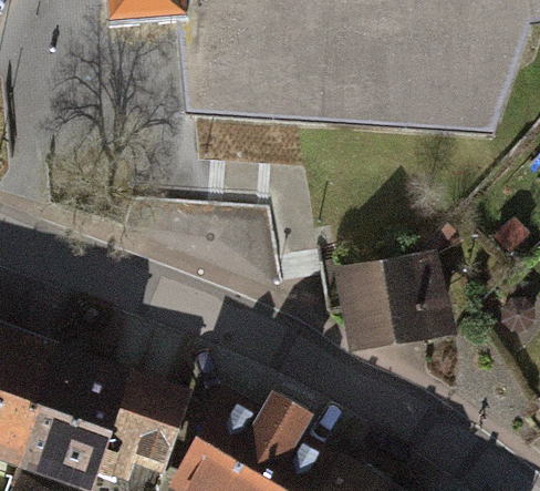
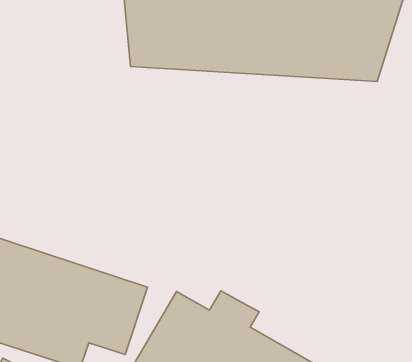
building: [339,256,425,333] -> none

